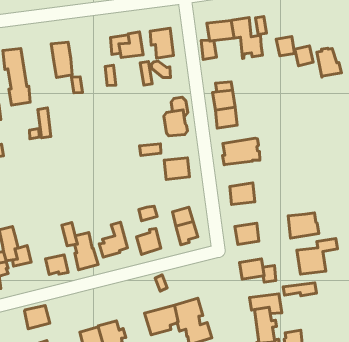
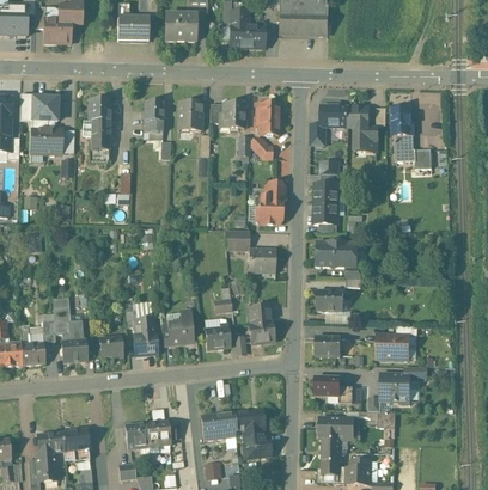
building: none -> [177,102,201,131]
building: [317,48,342,77] -> [391,105,415,136]
building: [24,306,50,329] -> [61,339,87,362]

